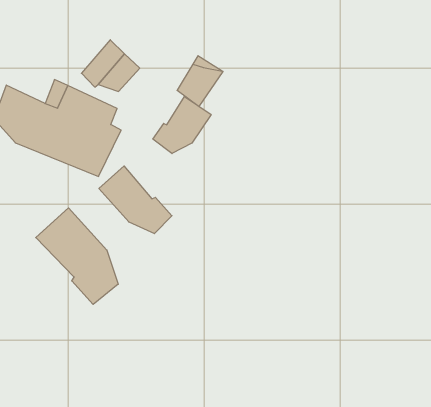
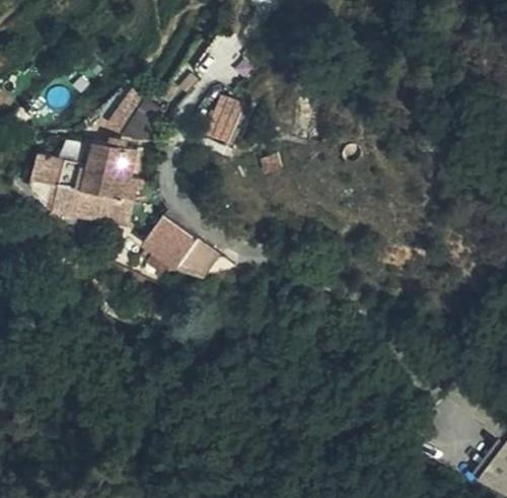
building: [153,96,211,154] -> none
building: [36,208,118,304] -> none

